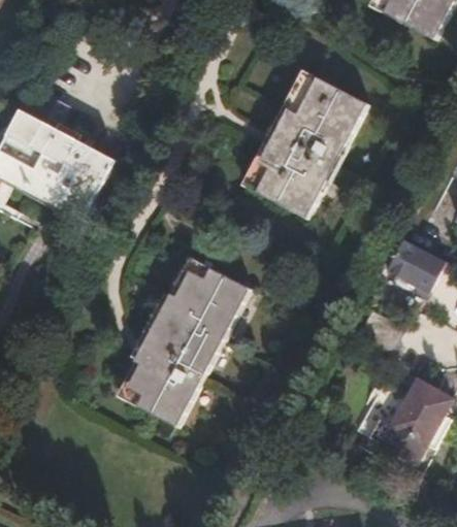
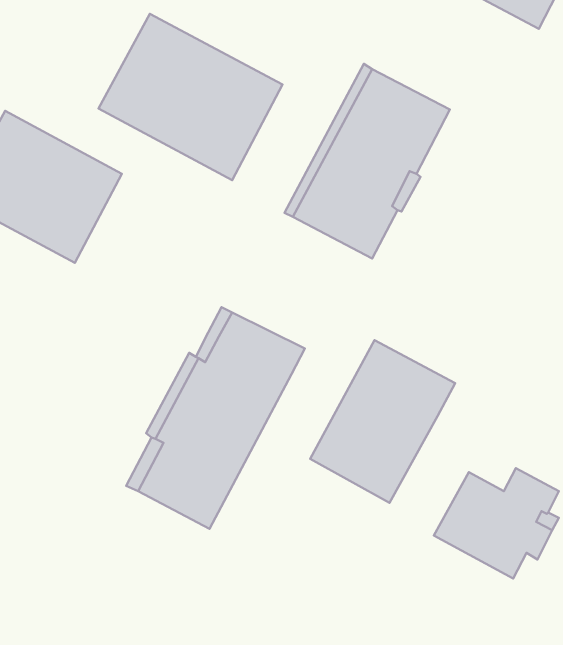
building: none -> [99,14,282,180]
building: [388,240,444,294] -> none
building: none -> [310,340,455,503]

